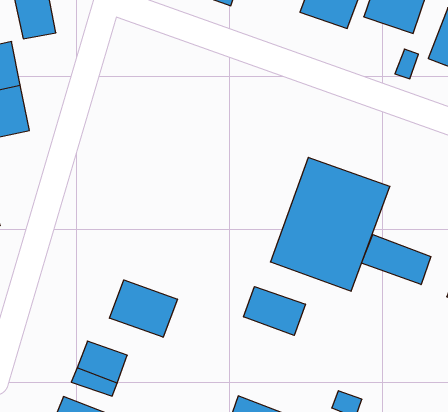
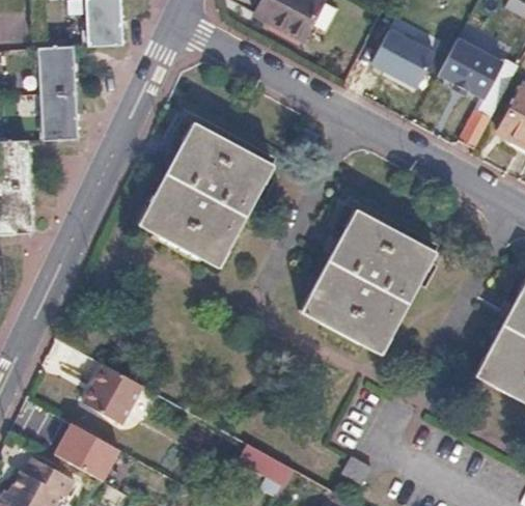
building: none -> [140,123,274,269]
building: [362,235,431,285] -> none
building: [109,280,177,337] -> none
building: [244,287,305,335] -> none

